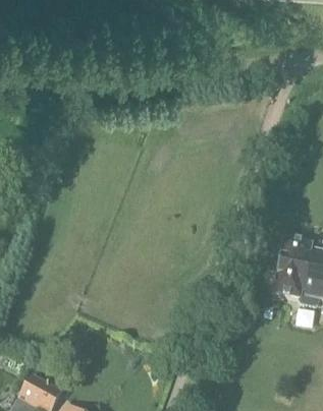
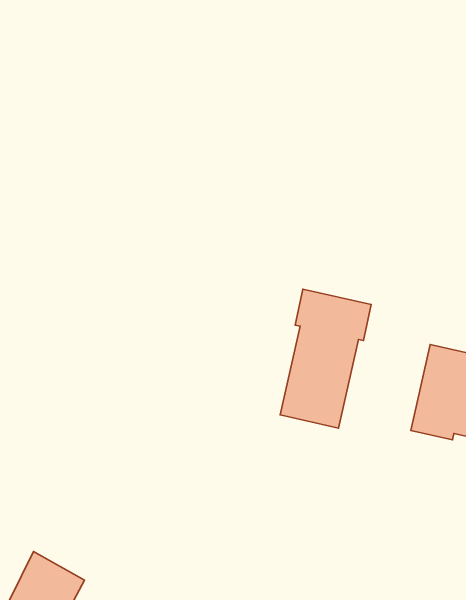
building: none -> [280,289,371,428]

